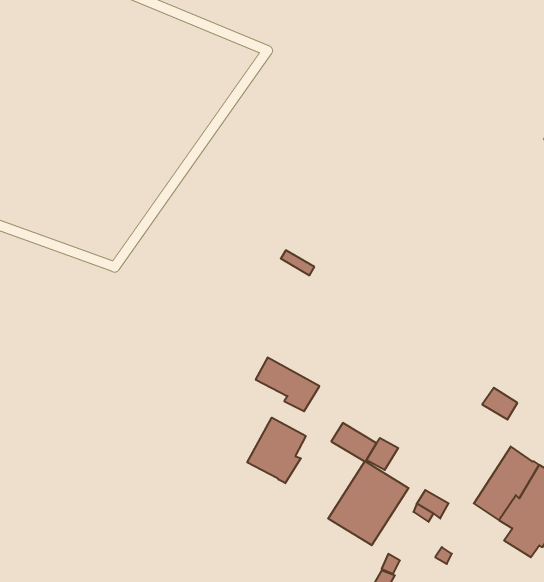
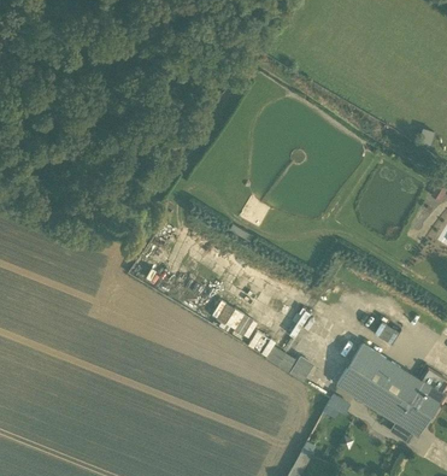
building: [247,418,306,483] -> none
building: [328,461,409,545] -> [336,345,394,405]

